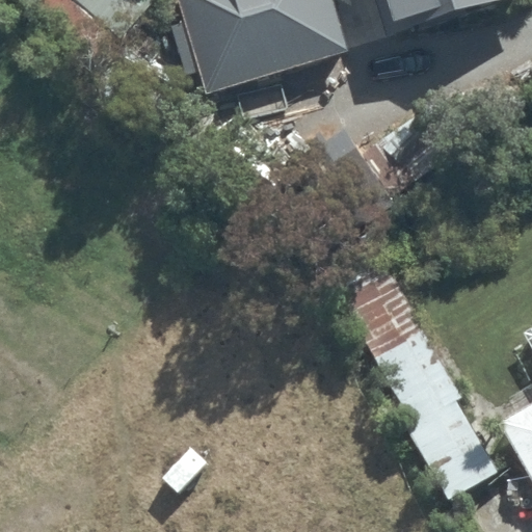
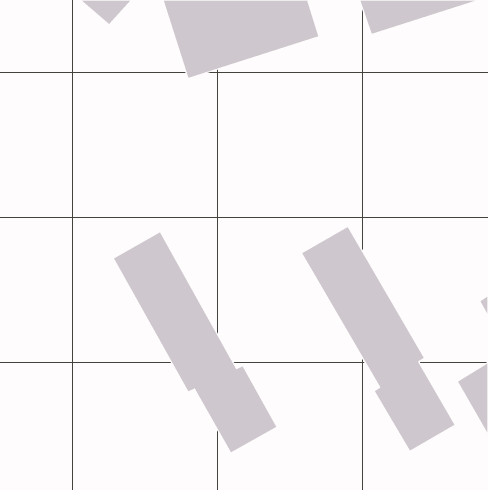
building: none -> [113,231,277,453]

